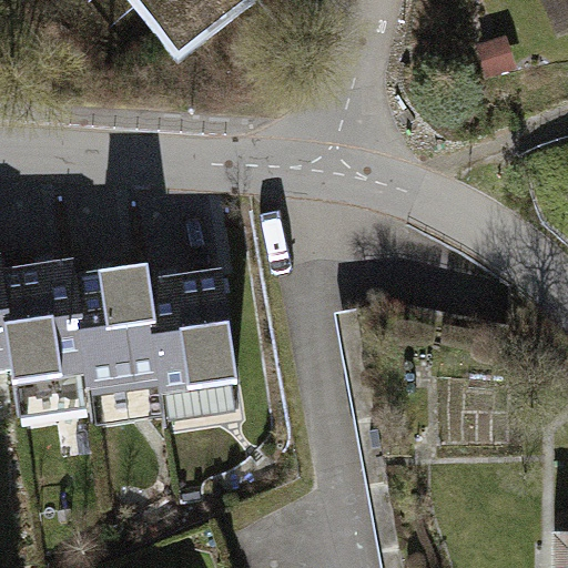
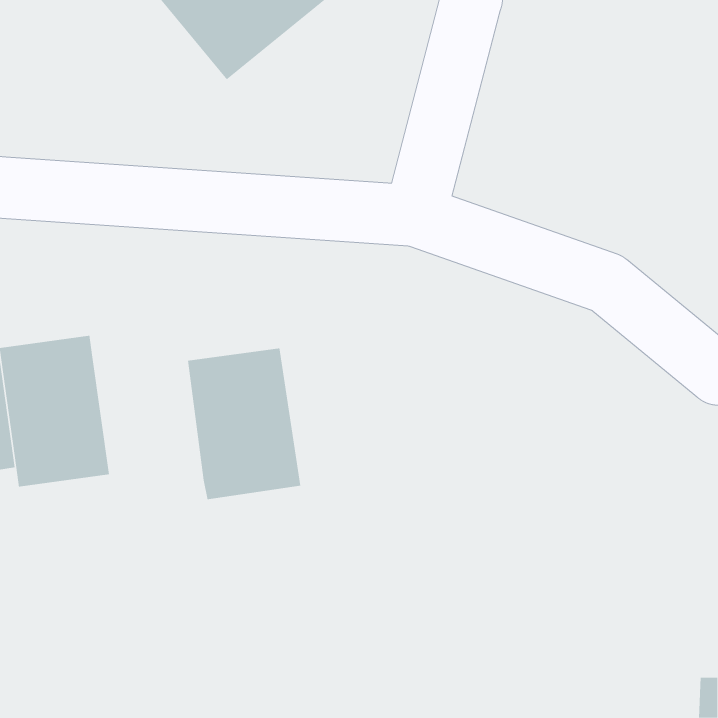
building: [73,270,160,388] -> none

